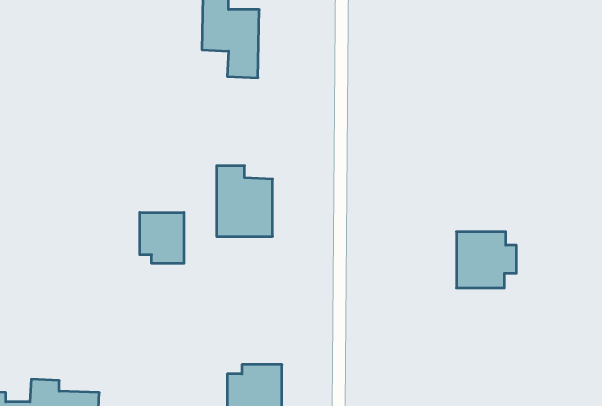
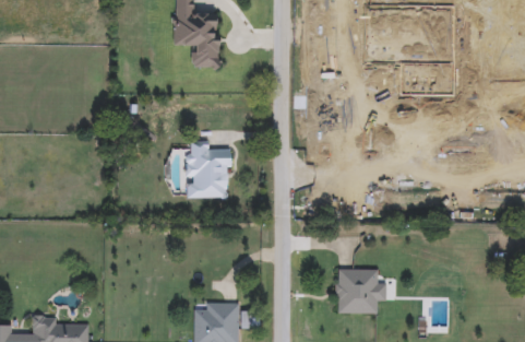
building: [140,212,184,263] -> none
building: [456,232,516,288] -> [335,268,384,314]

